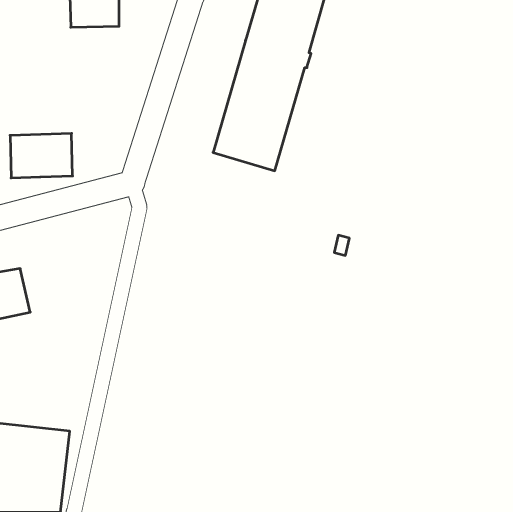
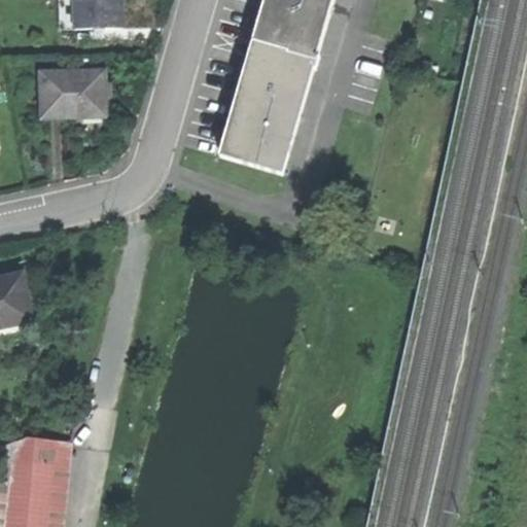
building: [10,133,73,178] -> [38,71,102,116]

